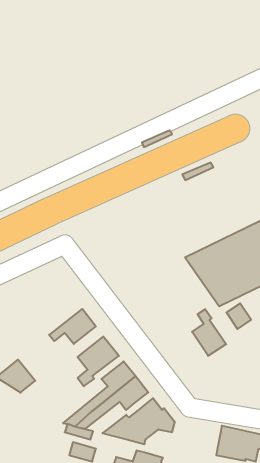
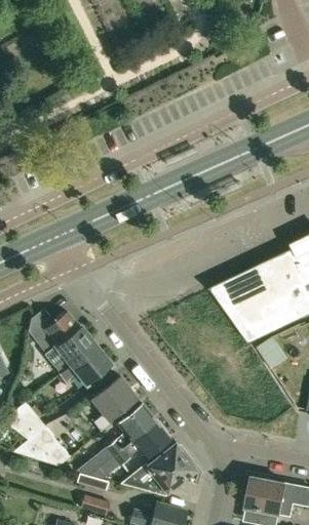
building: none -> [28,309,95,374]
building: [192,309,226,356] -> none
building: none -> [8,426,67,467]

